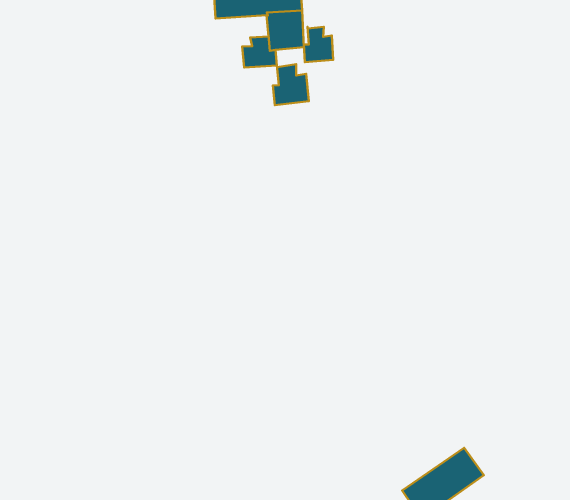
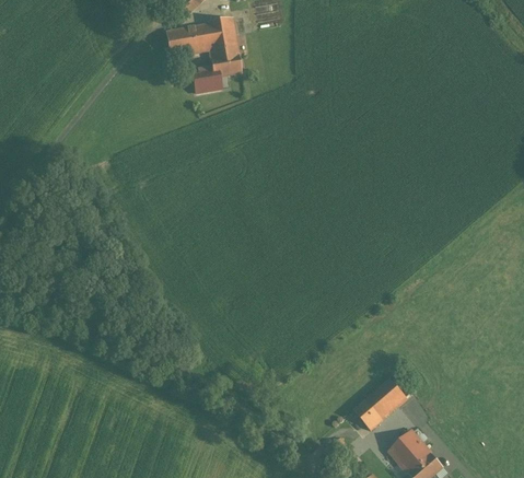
building: [304,27,333,62] -> none
building: [273,64,309,105] -> none

